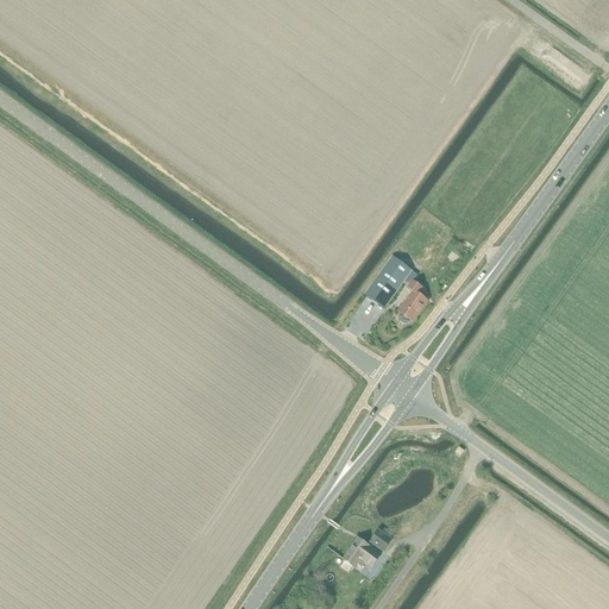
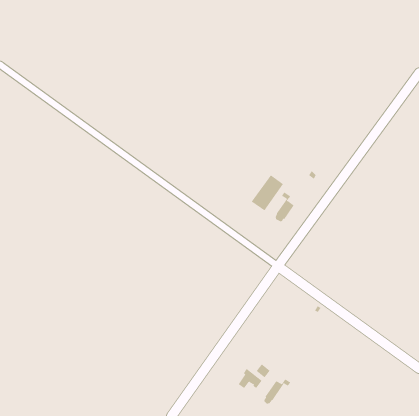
building: none -> [264,378,291,405]

